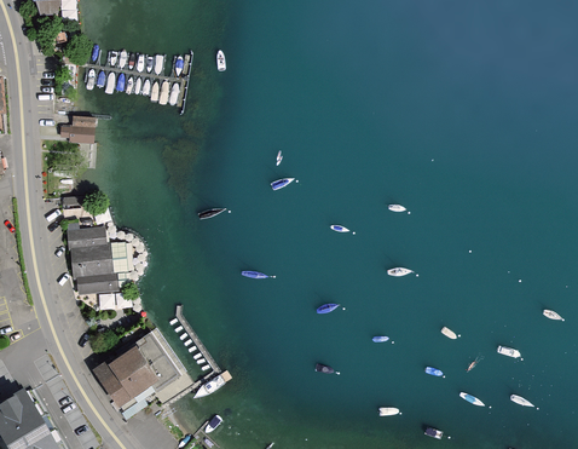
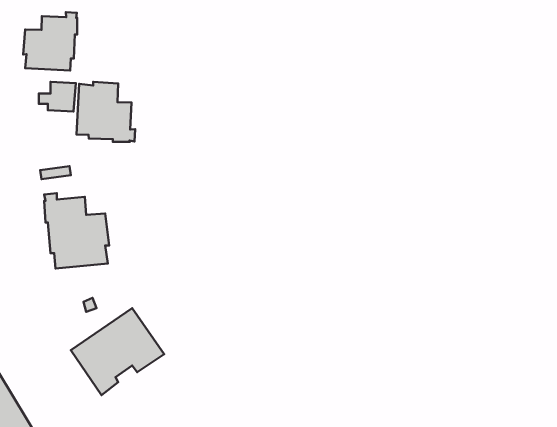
building: none -> [23,12,77,70]
building: none -> [77,82,135,142]

